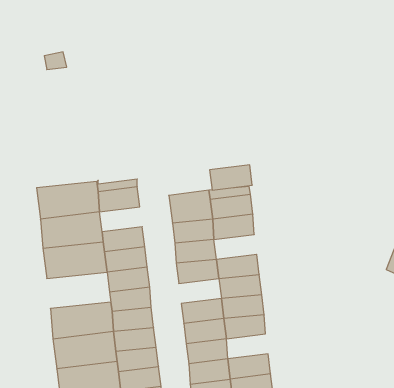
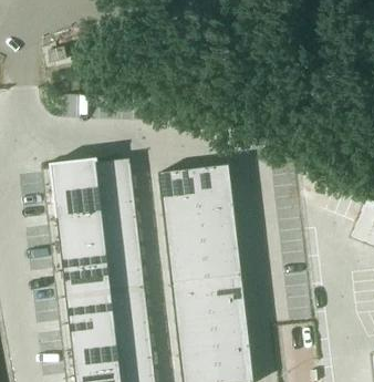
building: [210,165,252,190] -> [197,207,235,229]
building: none -> [96,183,134,205]
building: none -> [50,240,106,272]
building: none -> [166,246,204,268]
building: none -> [208,295,245,317]

